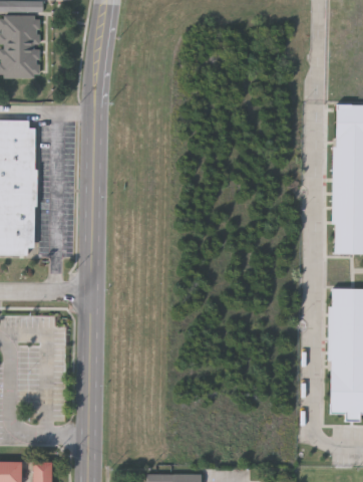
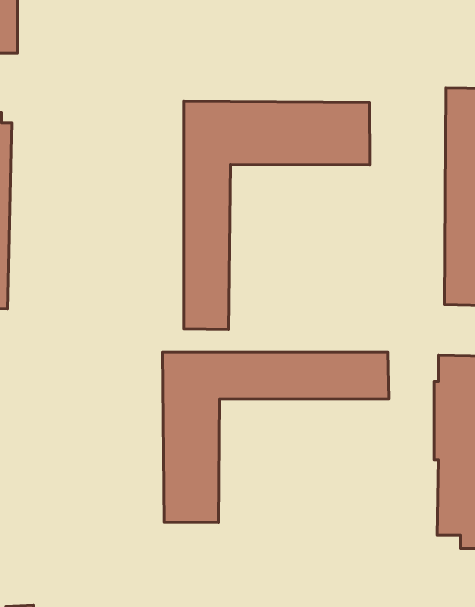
building: none -> [184,101,370,330]
building: none -> [163,352,389,523]

